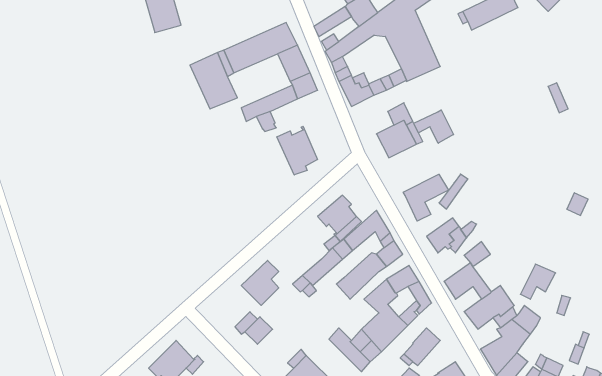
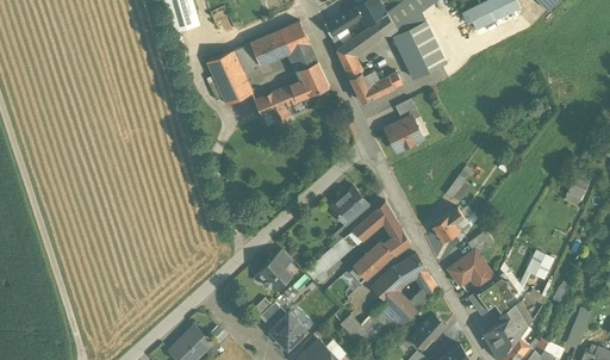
building: [414,110,454,143] -> none
building: [277,126,317,175] -> none
building: [403,174,448,221] -> none
building: none -> [269,314,306,350]

